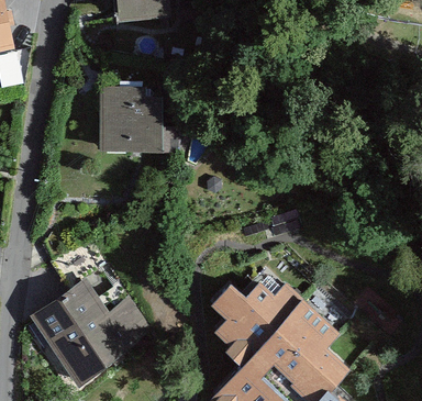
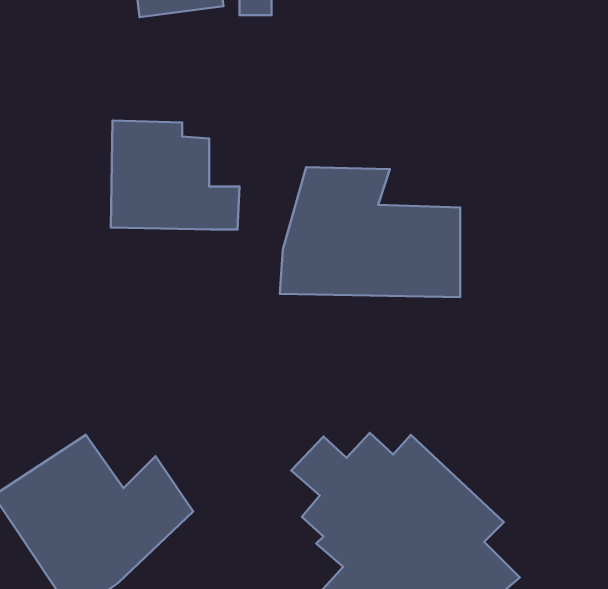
building: none -> [280,167,460,297]

